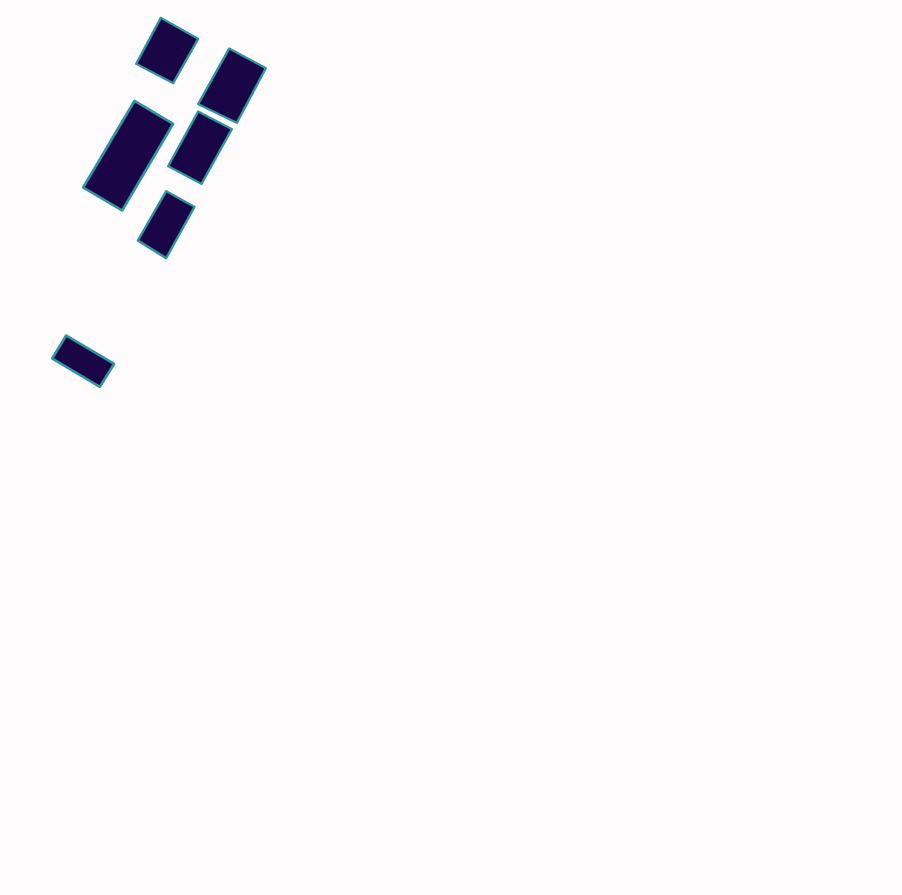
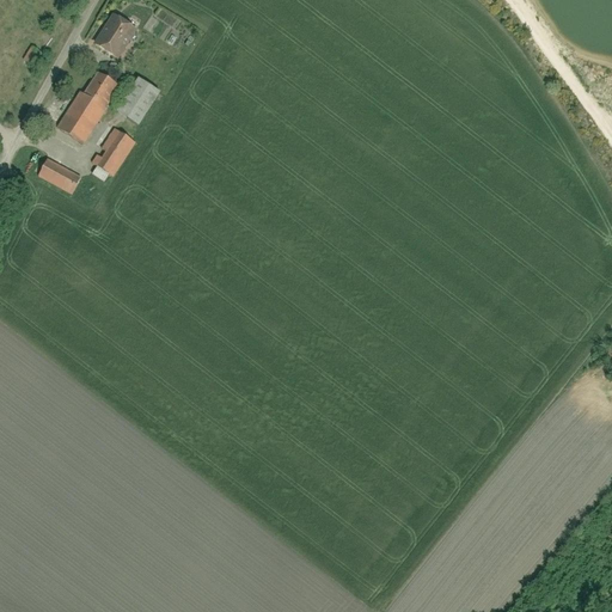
building: [198,48,266,123] -> none
building: [52,335,114,387] -> [38,157,80,191]

